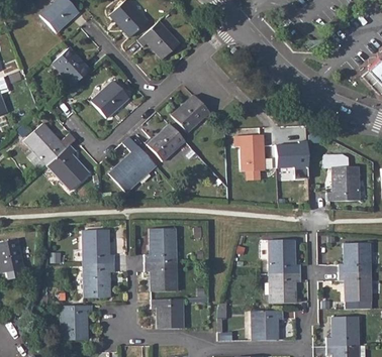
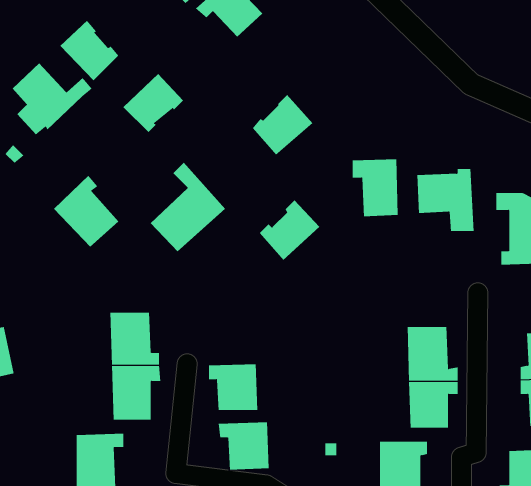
building: [25,123,76,168] -> [12,63,92,135]
building: [147,123,185,161] -> [259,199,320,261]
building: [145,228,175,263] -> none

